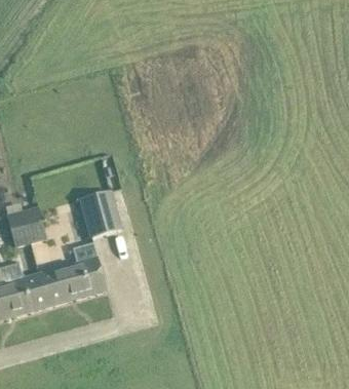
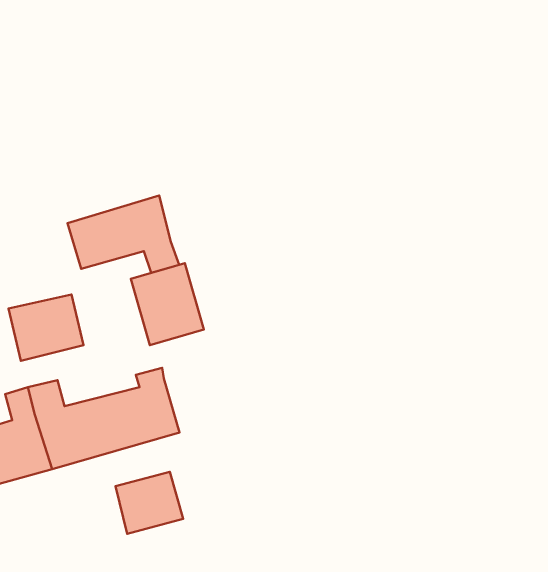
building: none -> [68,195,179,273]
building: none -> [115,472,183,534]

